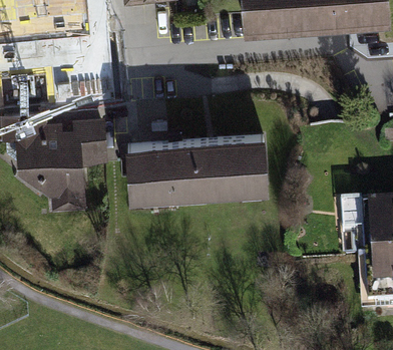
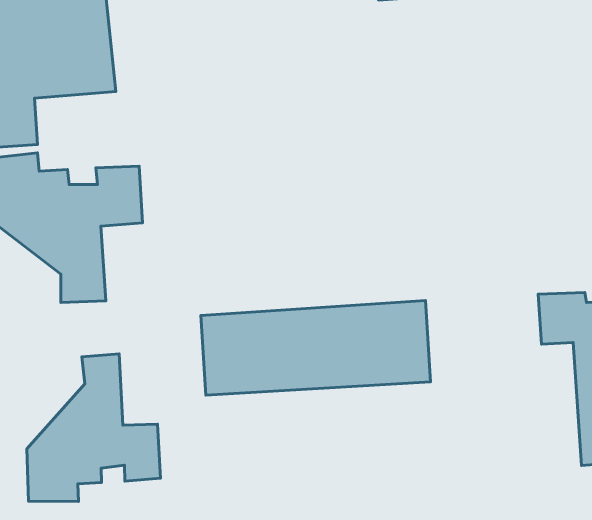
building: [127,138,266,196] -> [201,300,430,395]
building: none -> [27,354,161,501]

